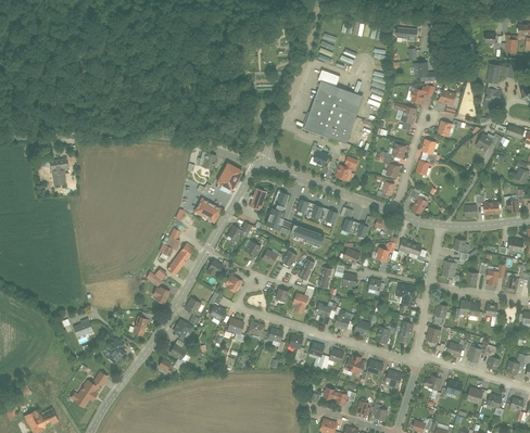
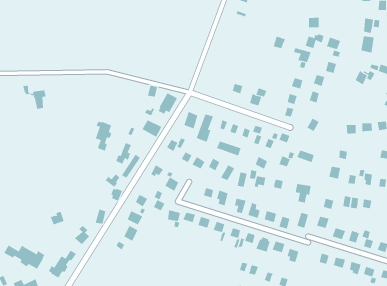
building: [303,69,365,143] -> none
building: none -> [95,121,112,152]
building: none -> [3,244,45,270]

